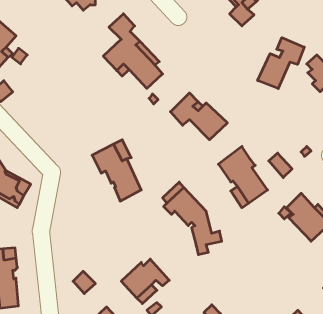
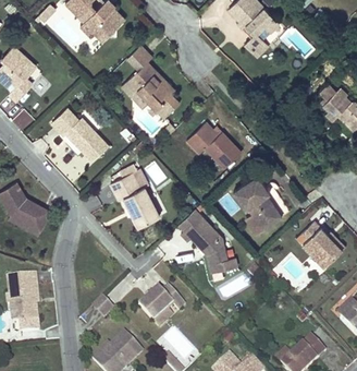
building: [258,38,304,89] -> none
building: none -> [51,107,109,160]

